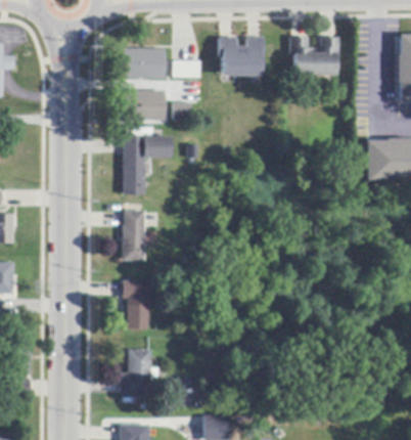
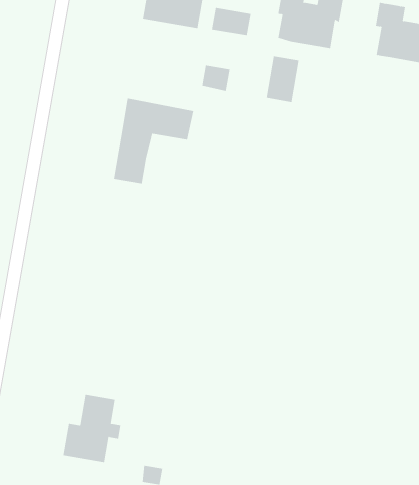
building: none -> [266,55,299,103]
building: [123,90,165,120] -> none
building: [123,210,145,260] -> none
building: [123,280,149,328] -> none

